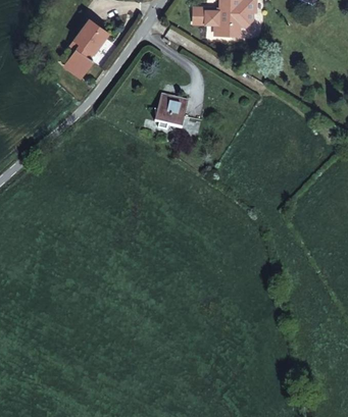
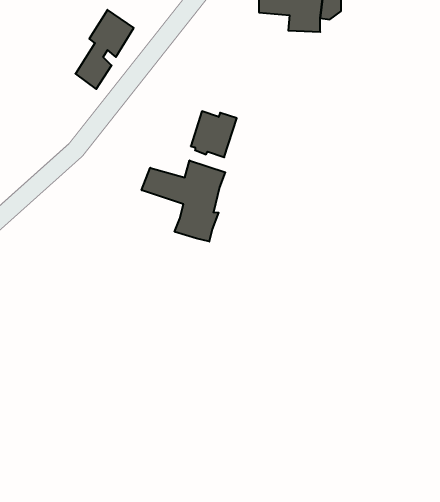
building: none -> [142,160,225,242]

